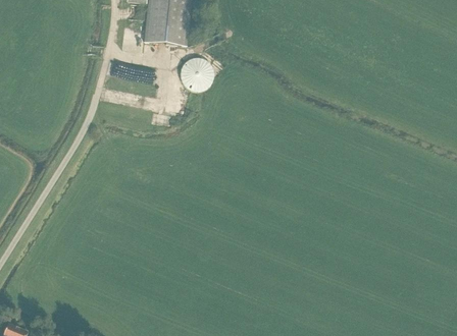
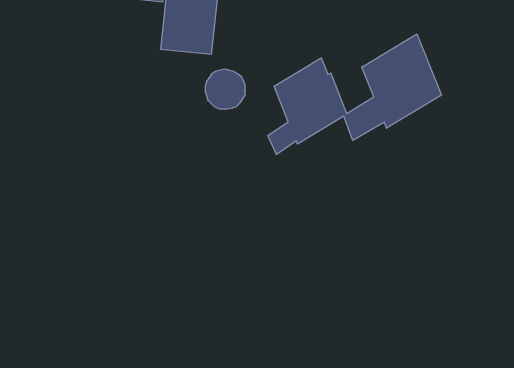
building: none -> [268,34,441,155]

